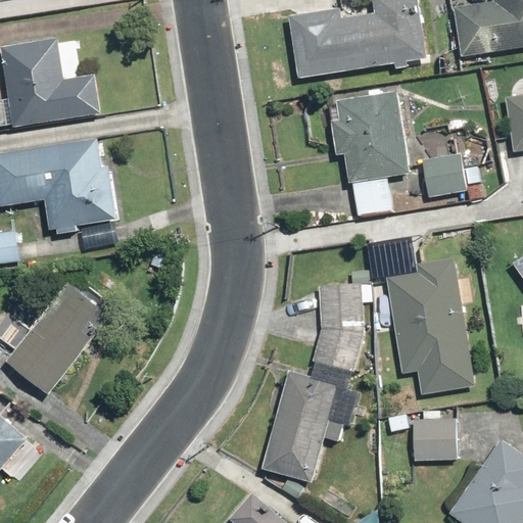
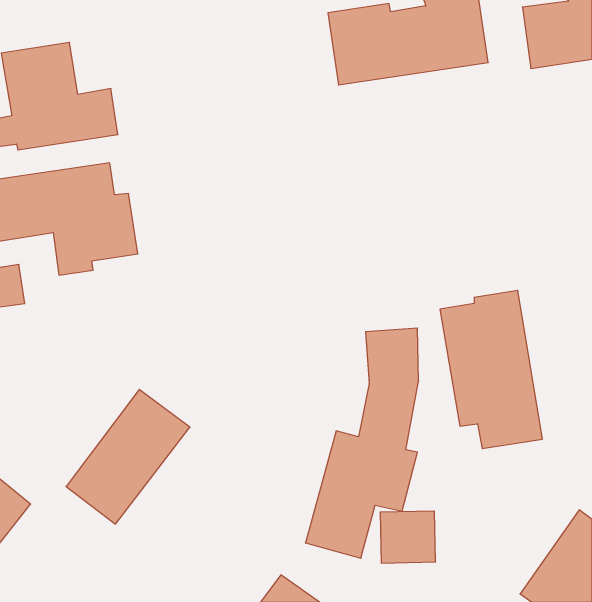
building: [330,91,410,216] -> none
building: [416,149,461,192] -> none
building: [6,279,113,395] -> [66,390,190,524]
building: [411,418,459,463] -> [380,511,436,563]

